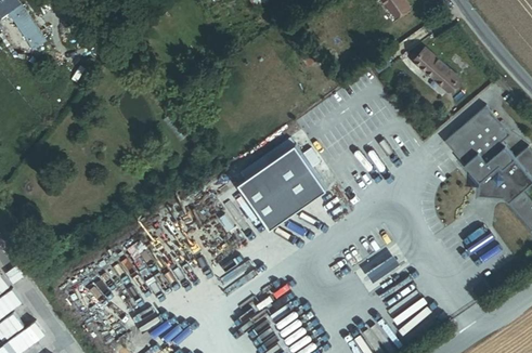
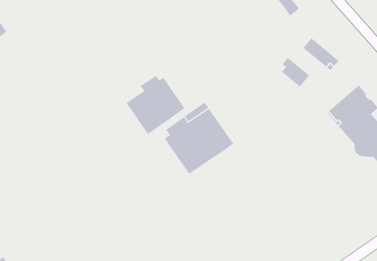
building: none -> [281,57,310,87]
building: none -> [126,75,185,135]

